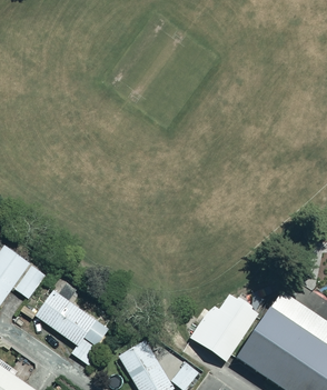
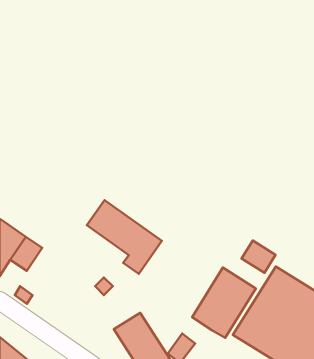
building: none -> [241,241,276,273]
building: [34,290,110,364] -> [87,200,162,274]

